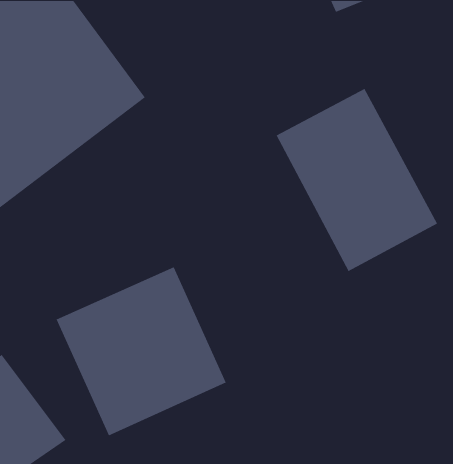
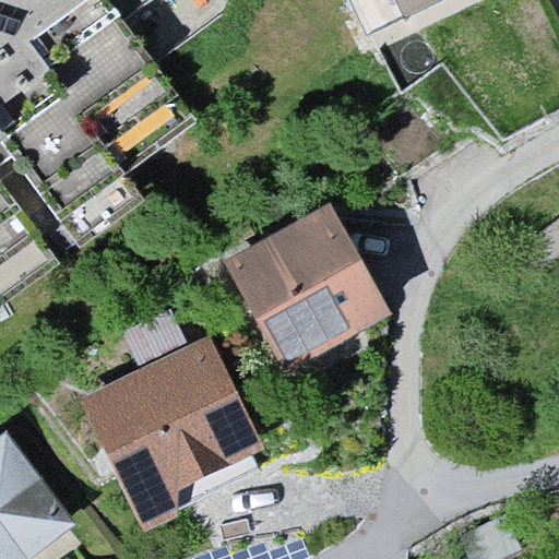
building: [275,88,438,272] -> none
building: none -> [219,201,385,367]

